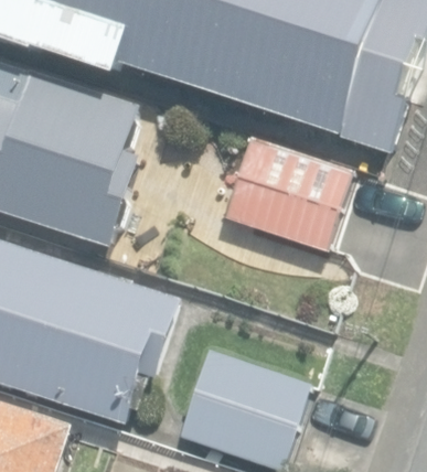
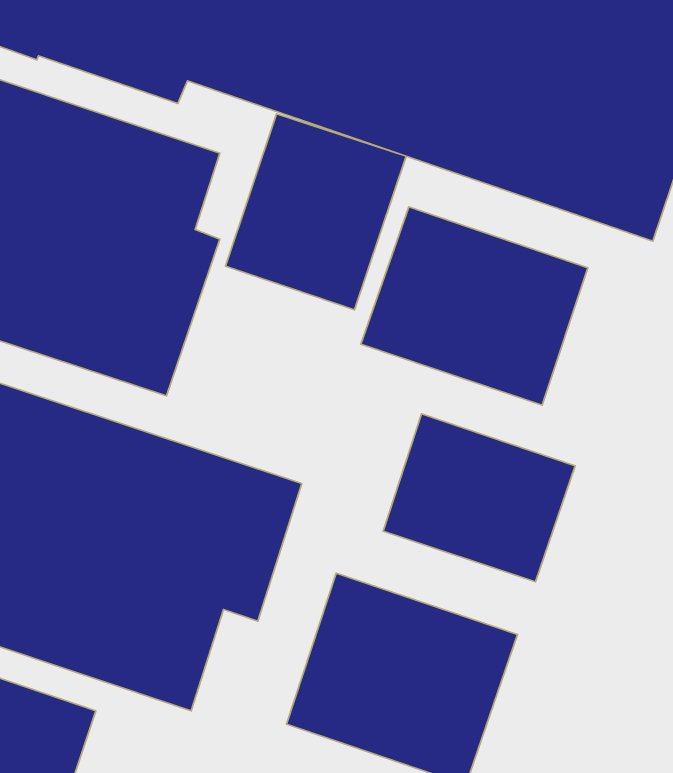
building: none -> [226,114,406,310]
building: none -> [383,414,575,582]

